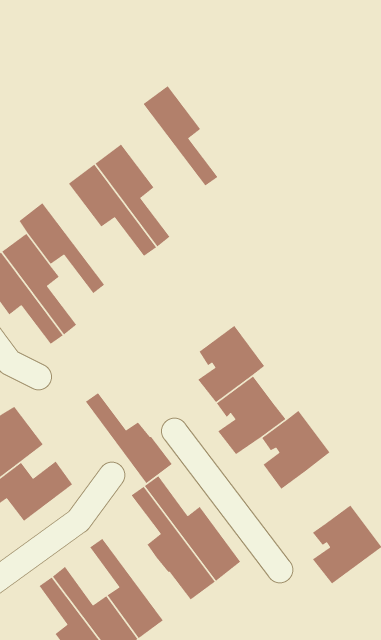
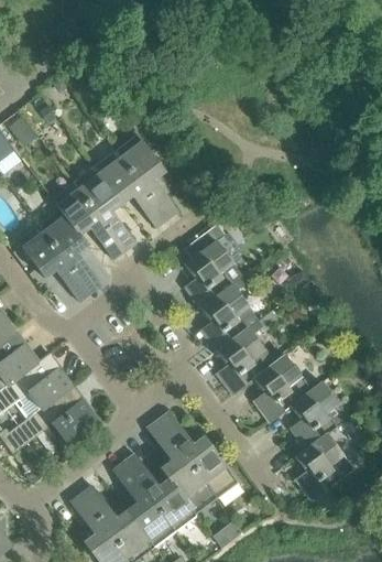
building: [143,85,219,187] -> [73,169,135,252]
building: none -> [184,224,243,307]
building: [85,392,173,484] -> [122,454,195,530]
building: none -> [291,382,338,450]

